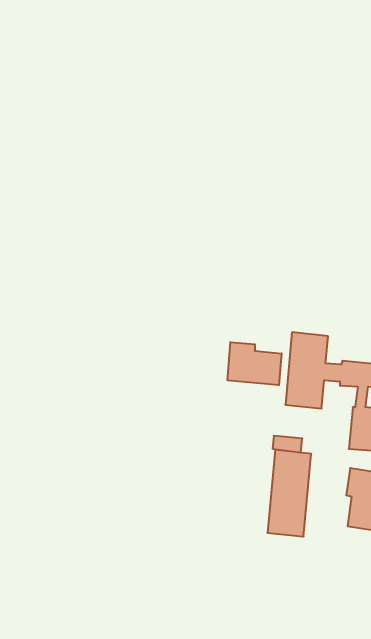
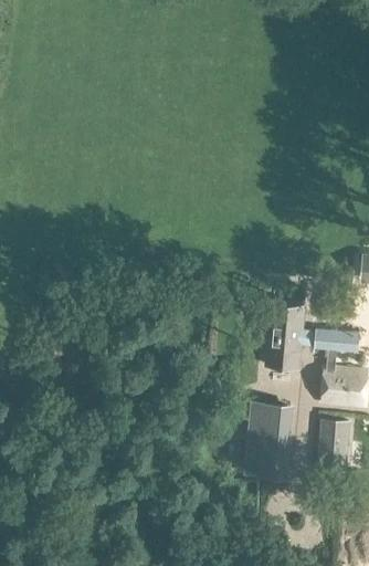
building: [228,342,282,385] -> none

